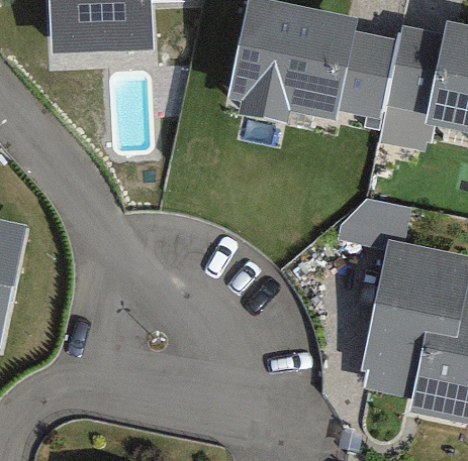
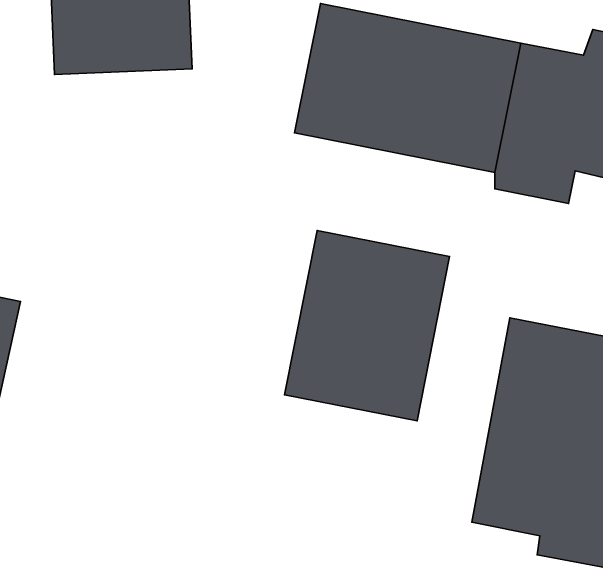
building: none -> [285,231,450,421]

